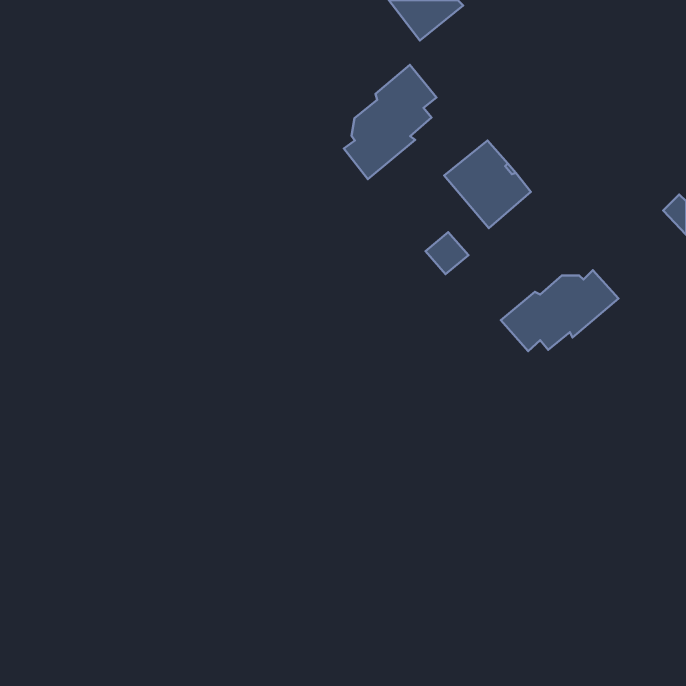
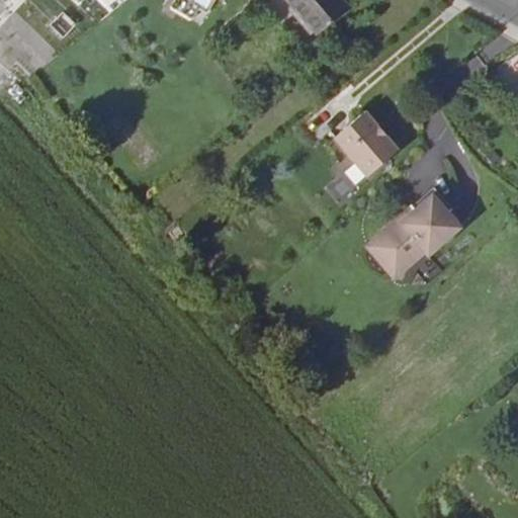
building: [344,65,436,179] -> none
building: none -> [365,185,450,278]

